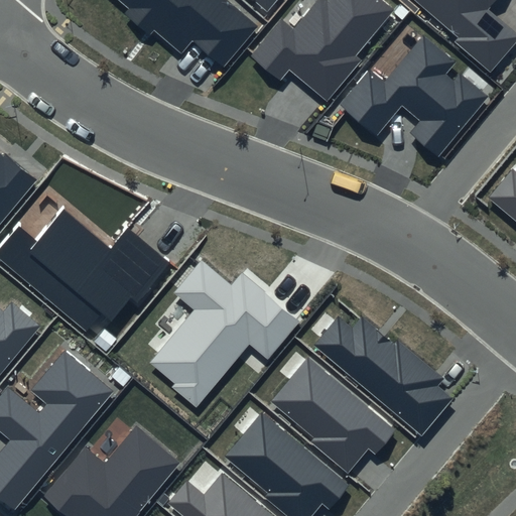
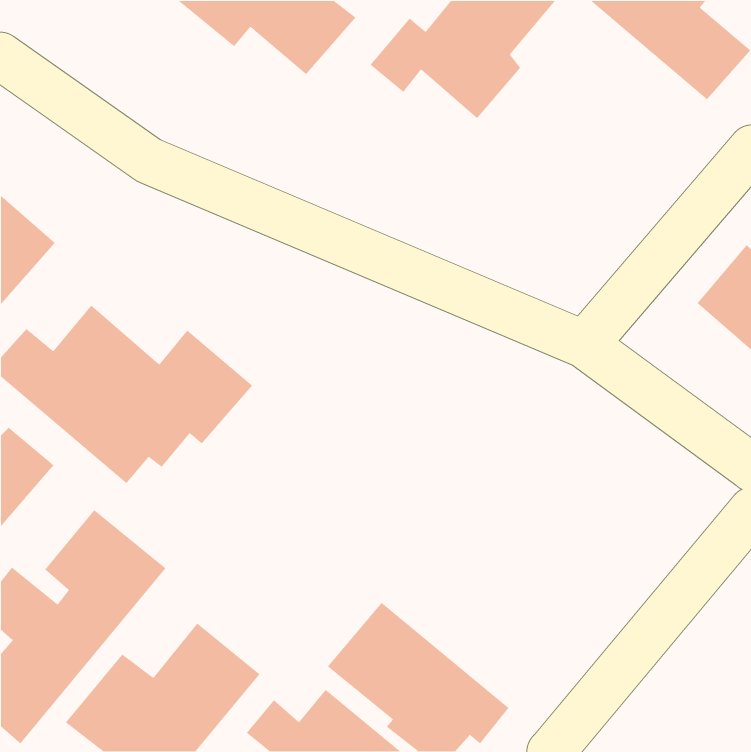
building: [333,47,478,156] -> none
building: [150,261,300,407] -> none
building: [314,315,454,435] -> none
building: [273,357,398,473] -> none

